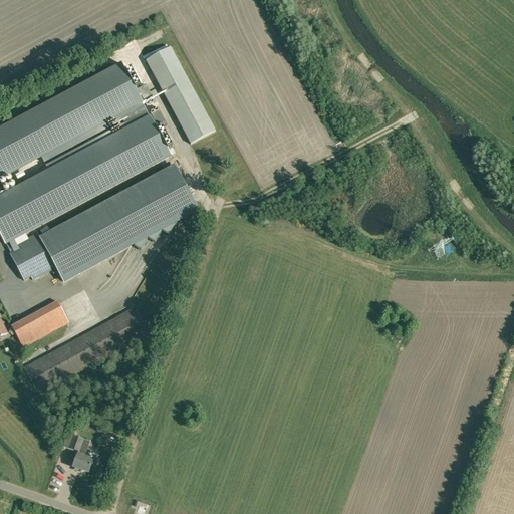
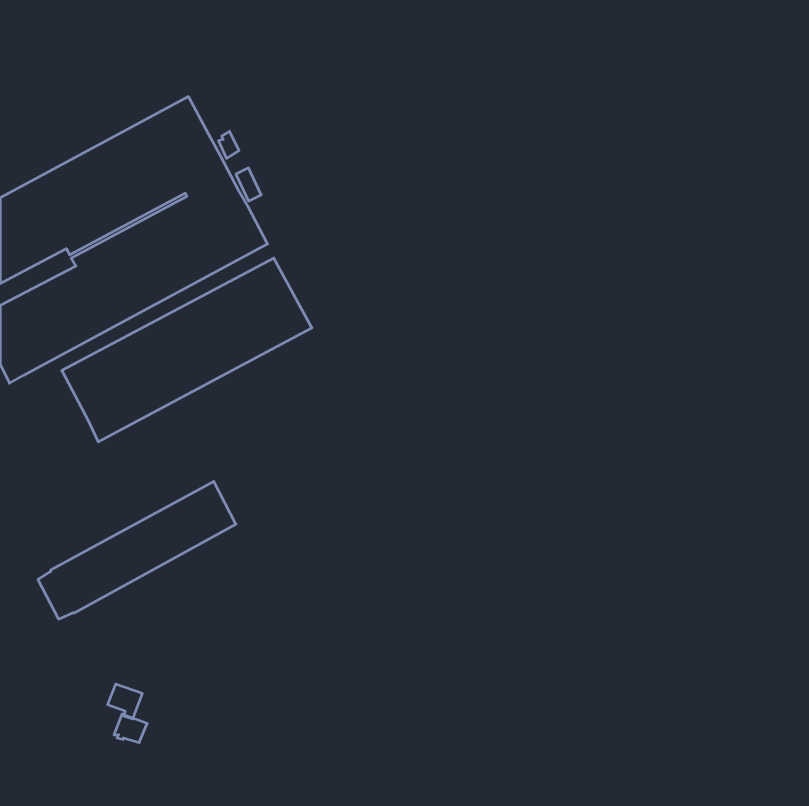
building: [146,45,215,143] -> none
building: [9,232,56,279] -> none
building: [11,299,68,346] -> none

